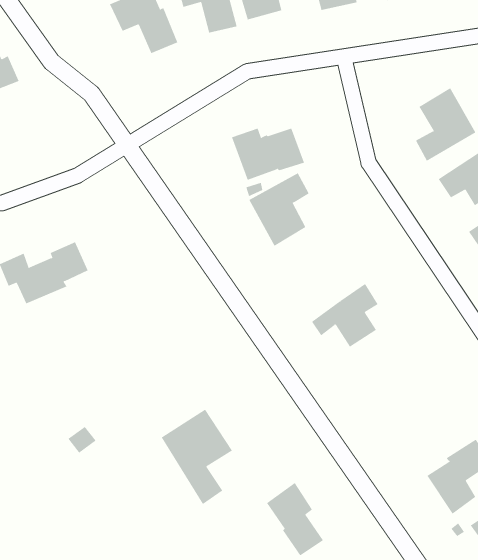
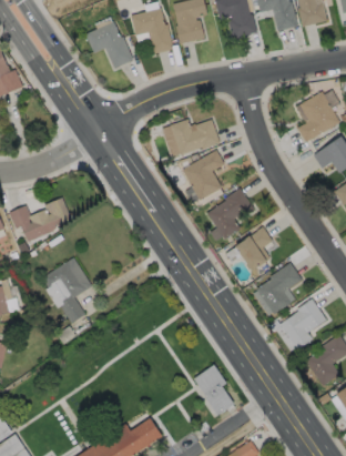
building: none -> [207,188,254,239]
building: none -> [256,262,302,314]
building: none -> [279,298,326,349]
building: [161,409,233,505] -> [42,257,92,324]

